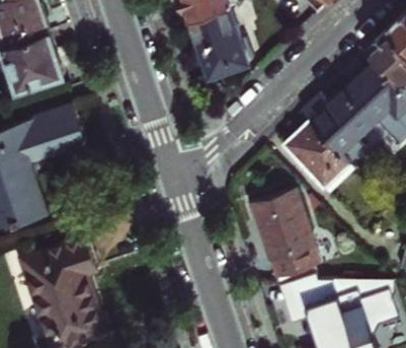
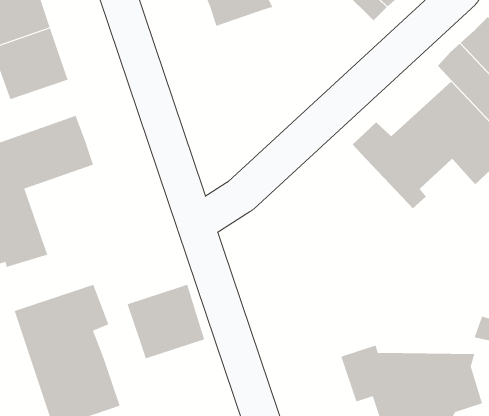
building: [186,12,243,83] -> none
building: [280,132,346,199] -> none
building: [250,196,318,285] -> none
building: none -> [127,284,205,359]

